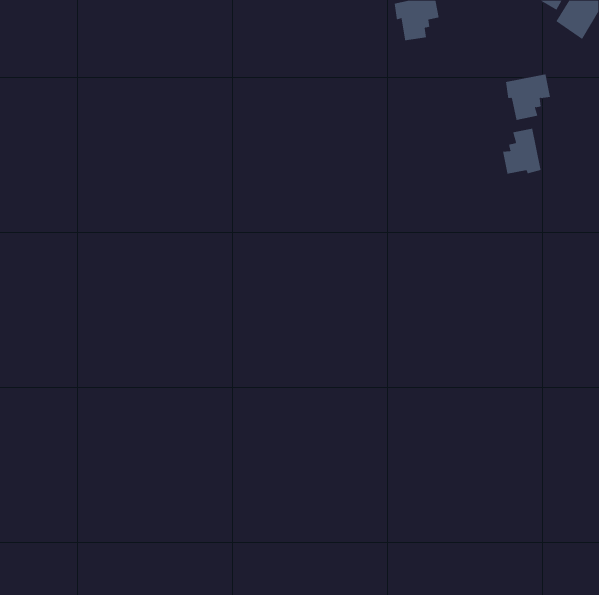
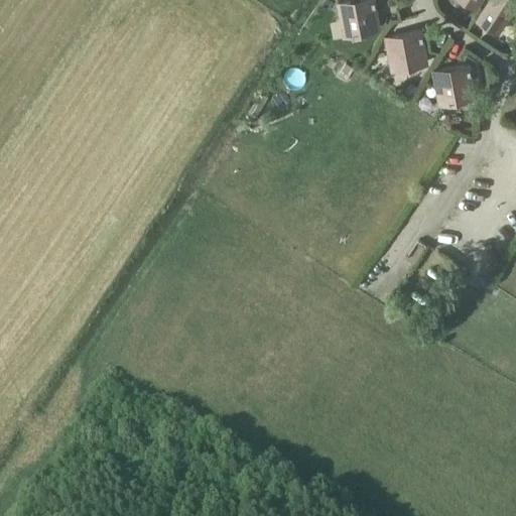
building: none -> [386,33,425,73]
building: [503,128,541,174] -> none

